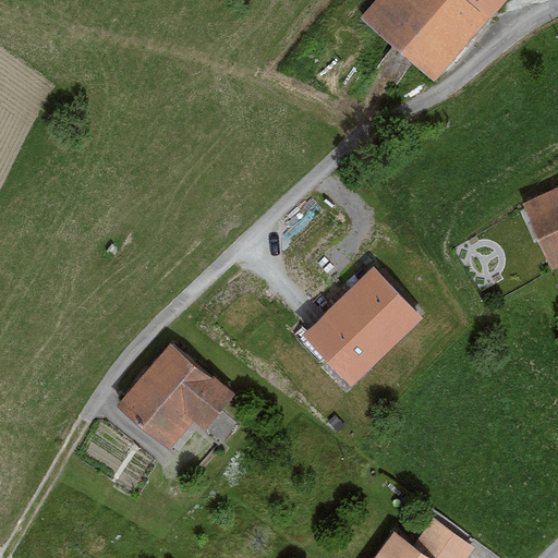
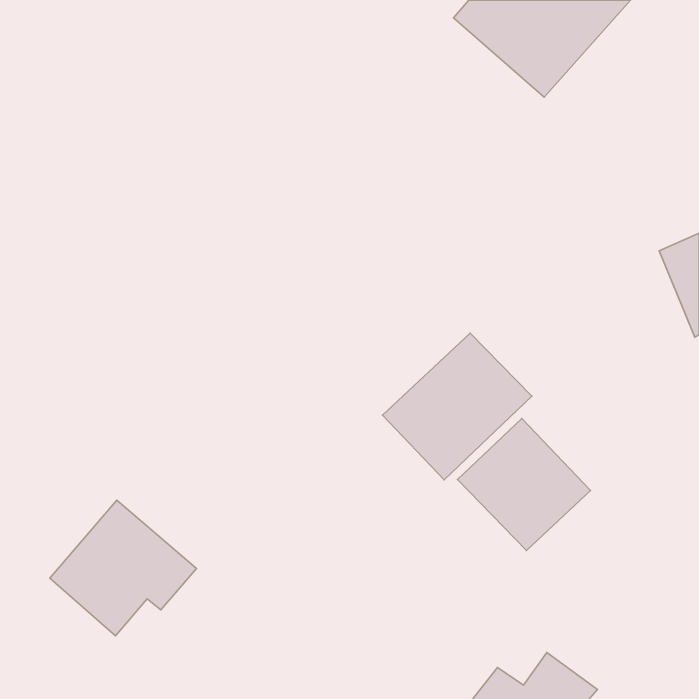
building: none -> [458,418,591,550]
building: [118,342,234,450] -> [50,500,196,636]

